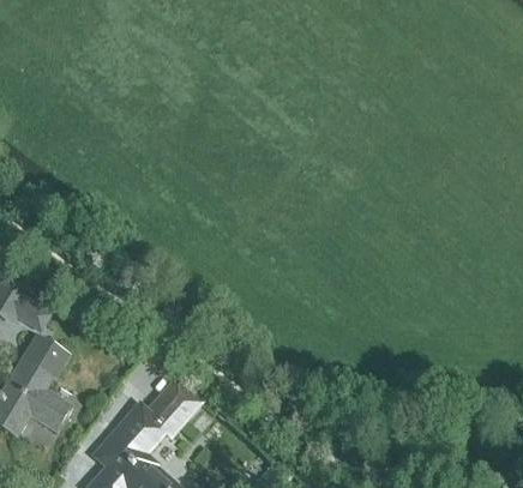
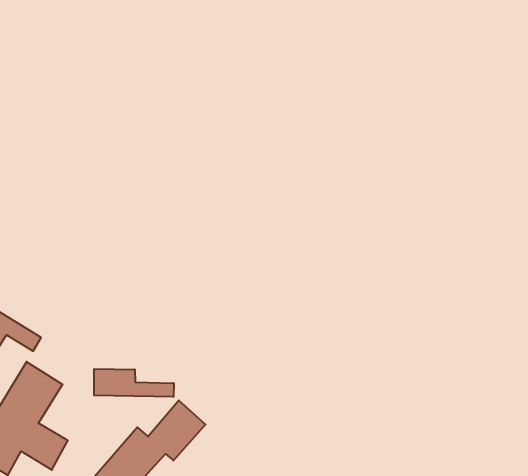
building: none -> [94,369,174,397]

